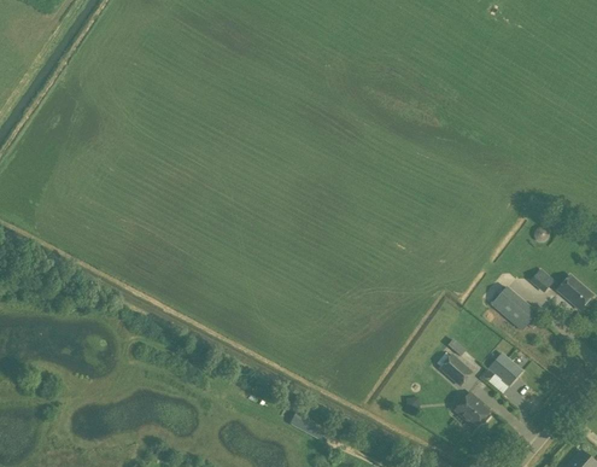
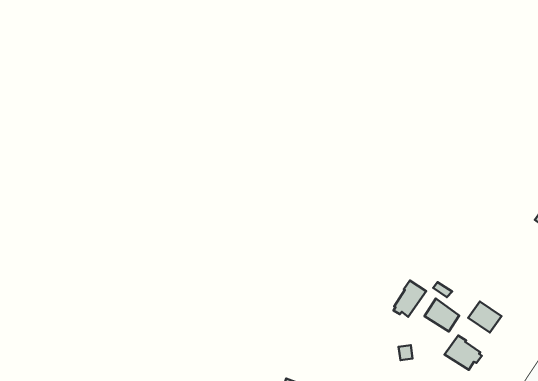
building: [492,285,538,329] -> none
building: none -> [393,281,426,317]

